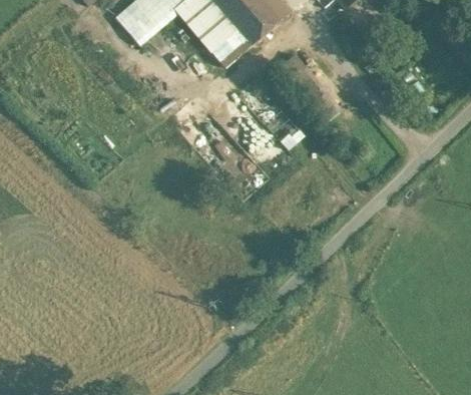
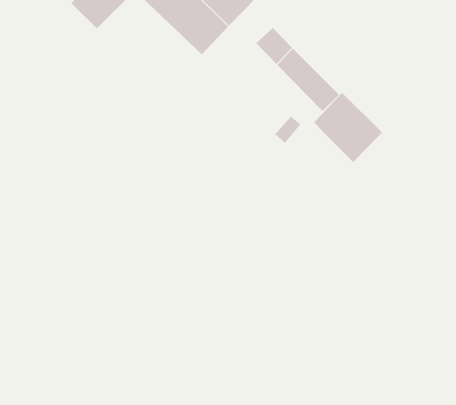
building: none -> [313,92,383,163]

